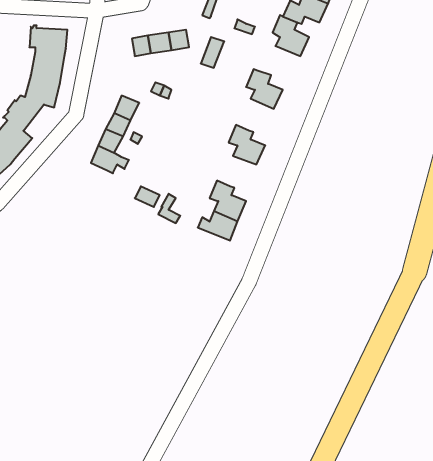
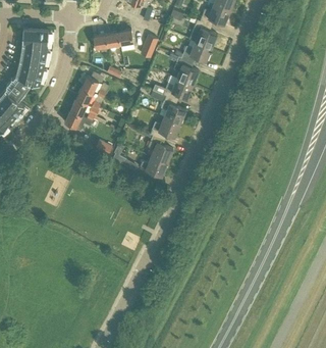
building: none -> [174,42,210,64]
building: none -> [152,79,192,101]
building: none -> [150,118,179,140]

